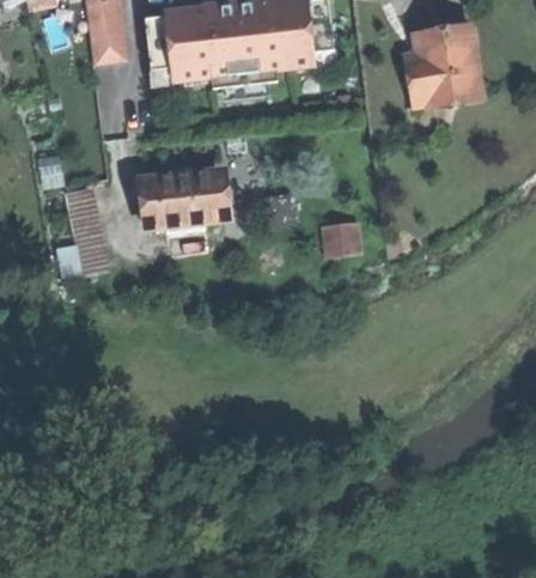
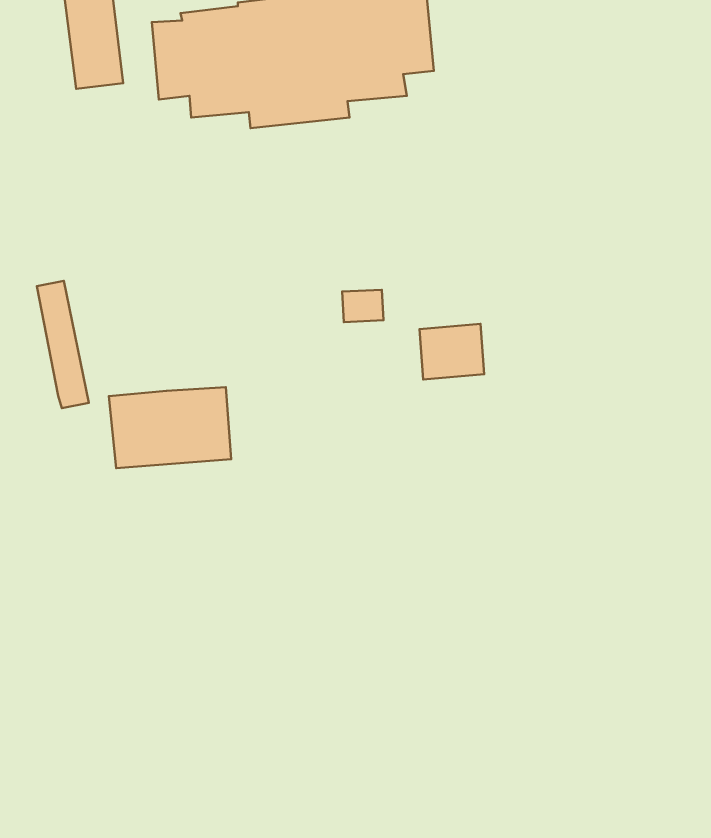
building: [402,20,485,110] -> none
building: [140,171,221,225] -> [109,387,231,468]

